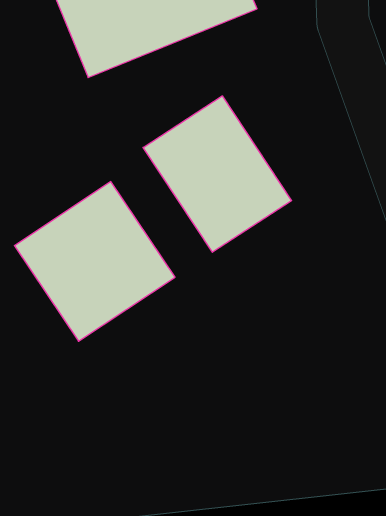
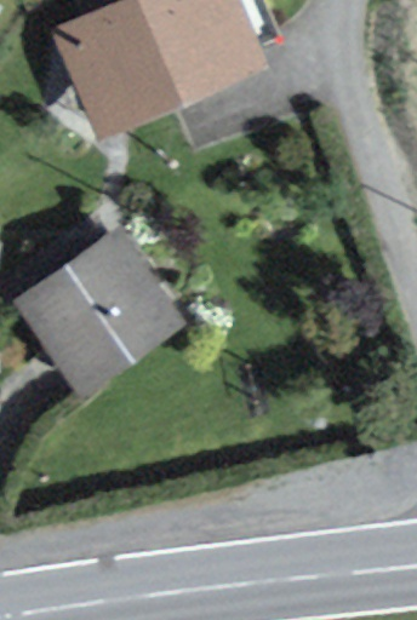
building: [143,96,292,252] -> none

